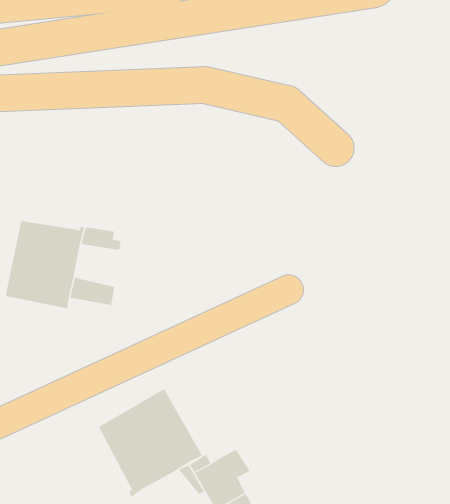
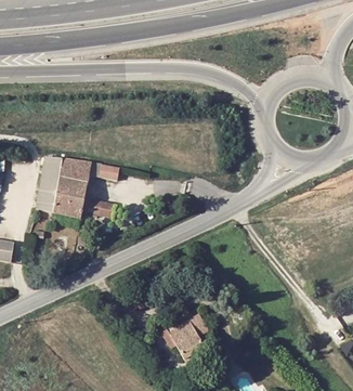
building: [98,388,203,498] -> none

